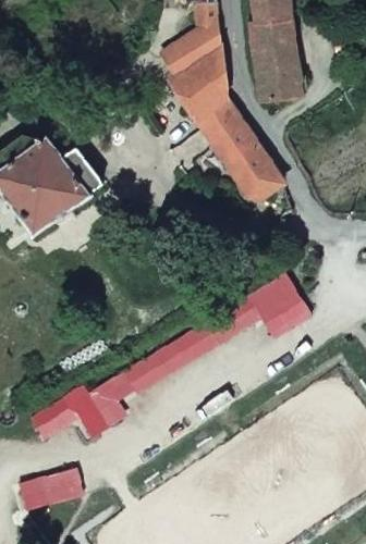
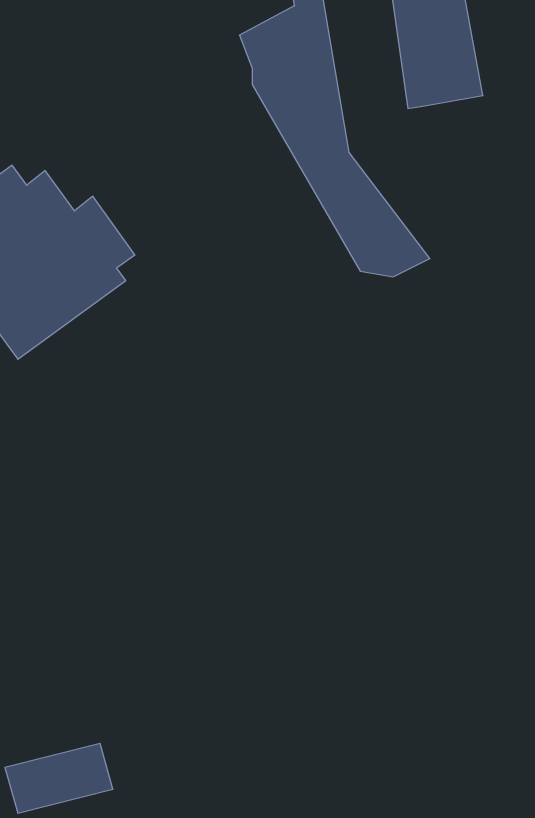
building: [29,273,315,442] -> none

